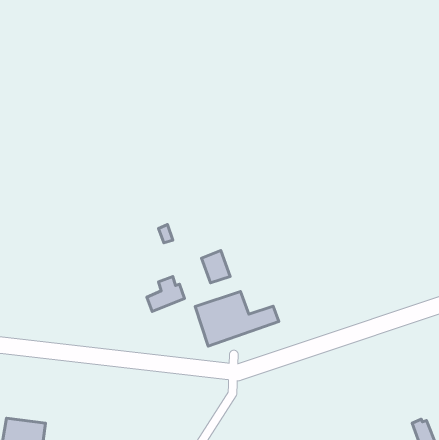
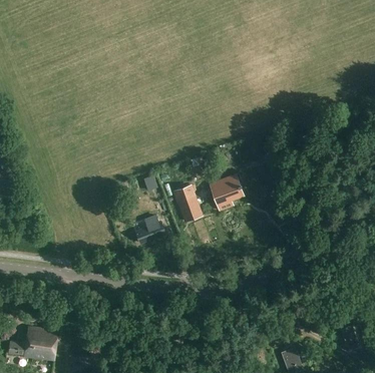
building: none -> [210,175,242,210]
building: [195,291,279,346] -> none

